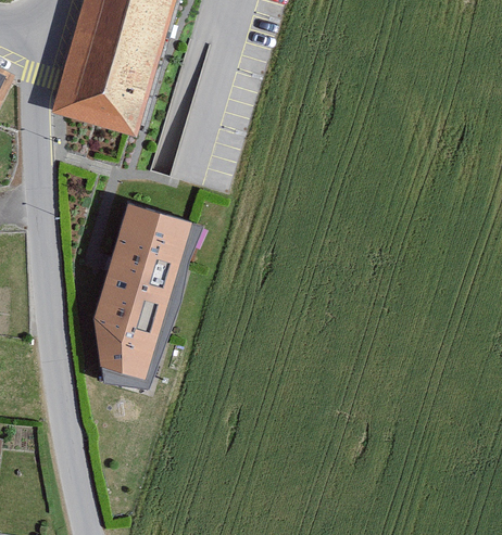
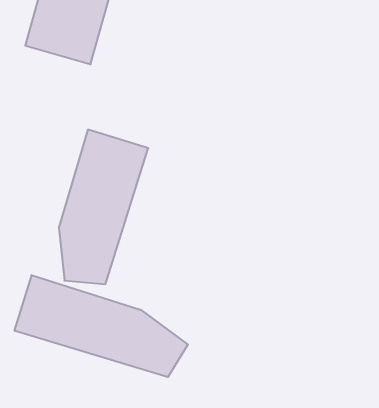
building: none -> [15,275,188,377]

